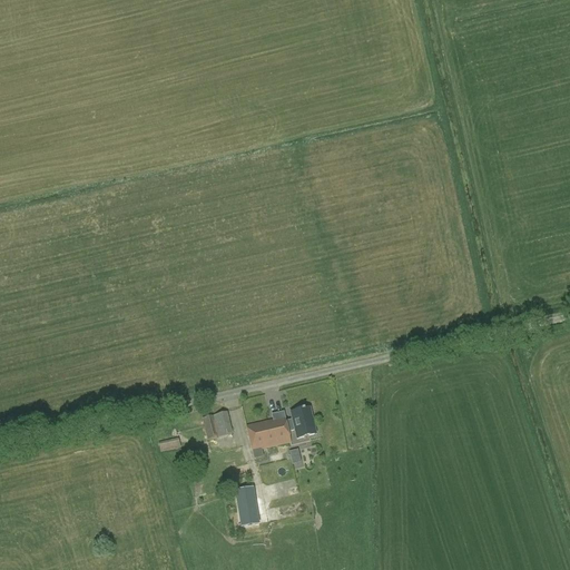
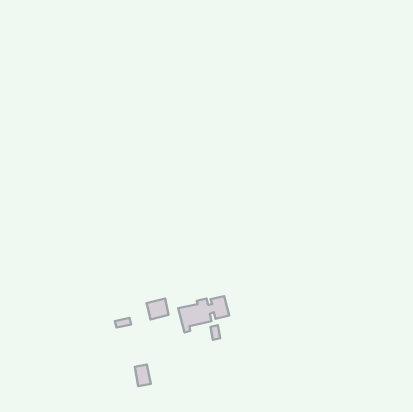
building: [236,487,258,517] -> [135,364,151,386]

